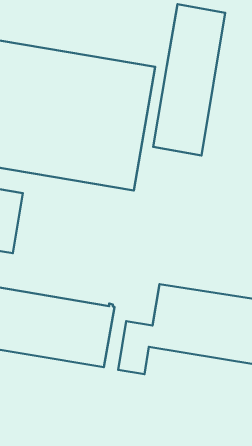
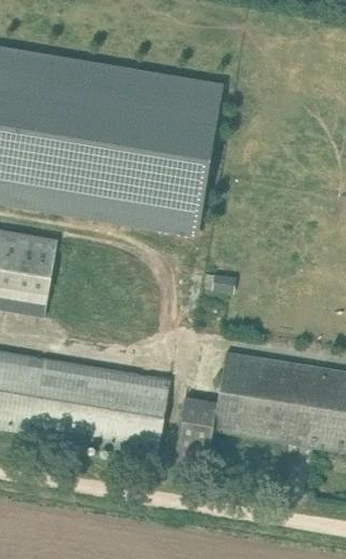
building: [153,4,225,155] -> none

